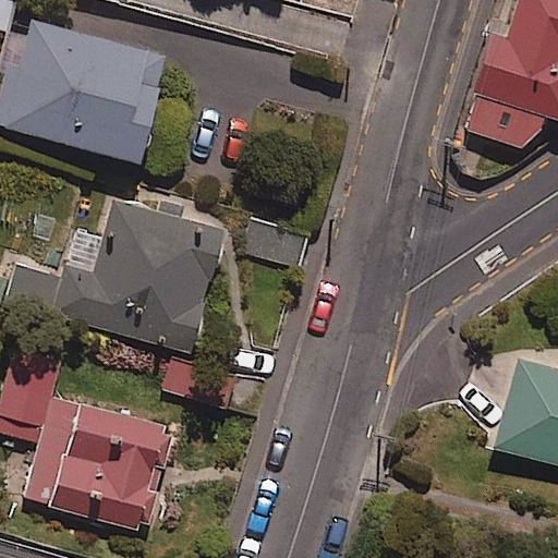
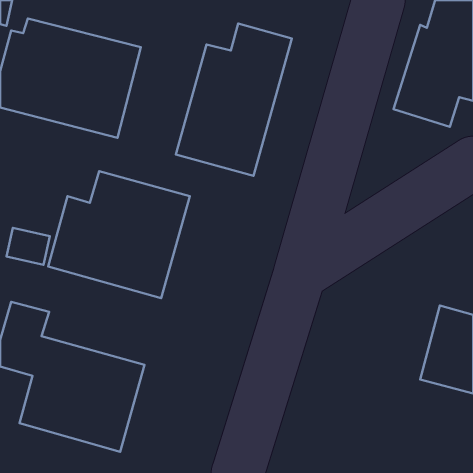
building: none -> [176,23,292,176]

